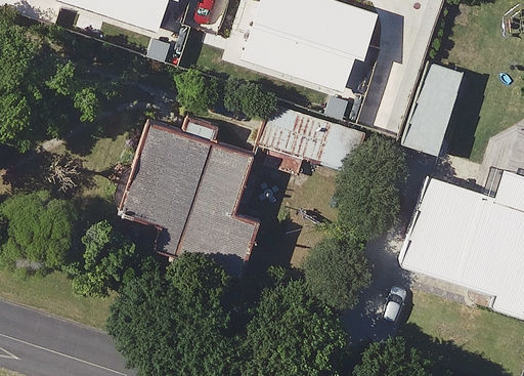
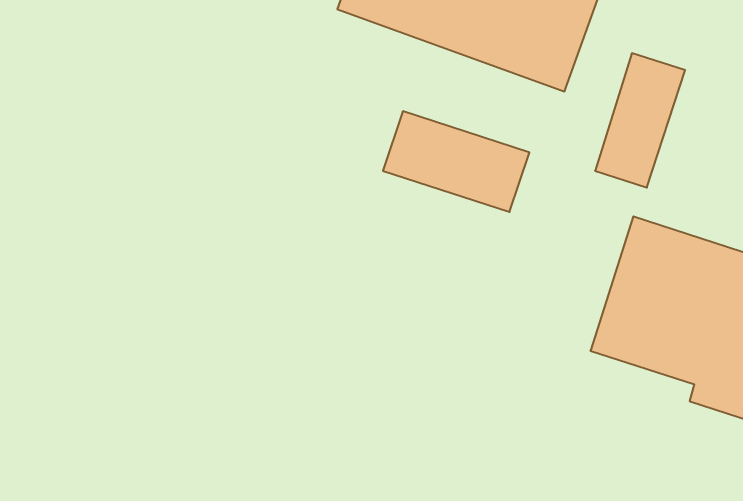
building: [123,122,263,274] -> none

